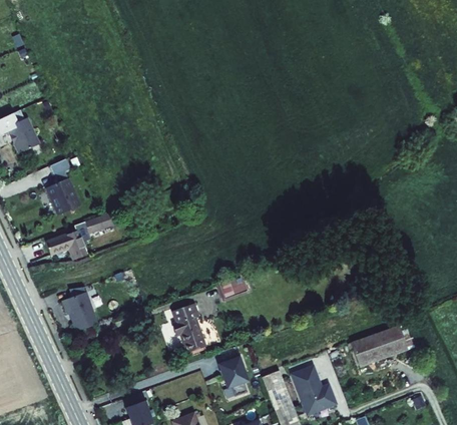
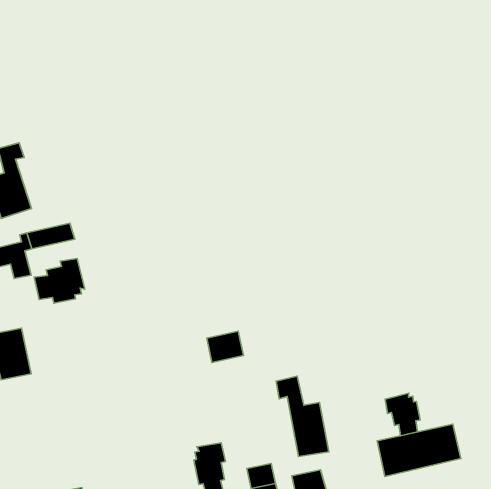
building: none -> [34,258,85,303]
building: none -> [276,376,329,456]
building: [169,302,204,352] -> none
building: none -> [385,393,420,436]

